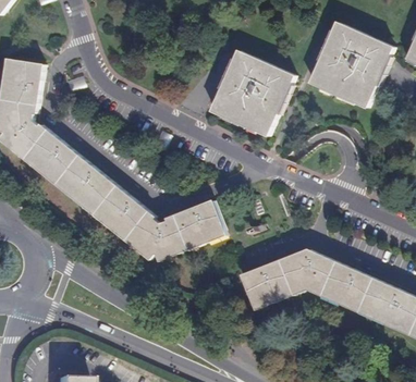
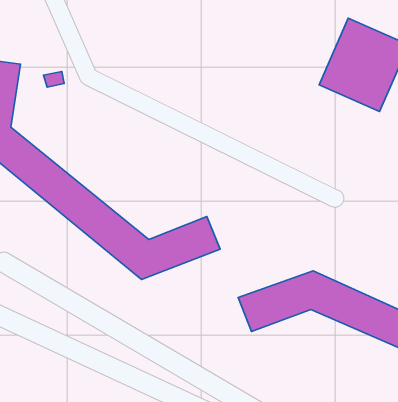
building: [215,50,298,136] -> none

